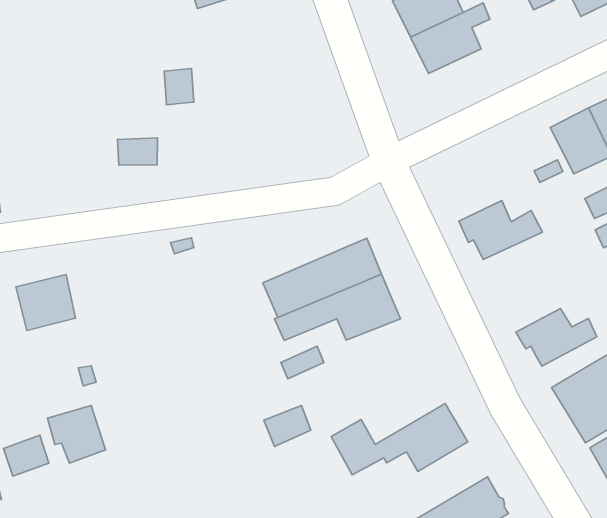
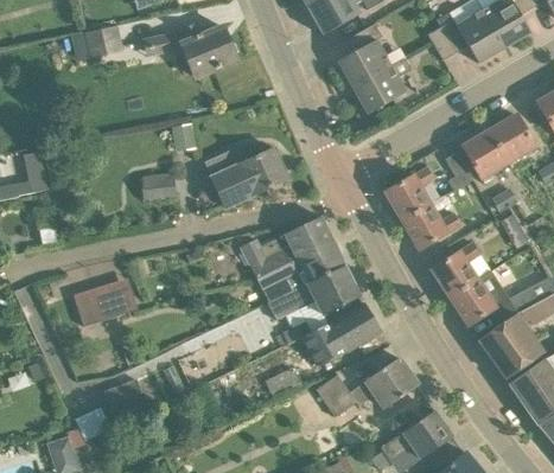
building: none -> [204,143,288,206]
building: none -> [386,166,434,220]
building: none -> [241,216,331,277]
building: none -> [432,242,480,300]
building: none -> [306,303,380,362]

